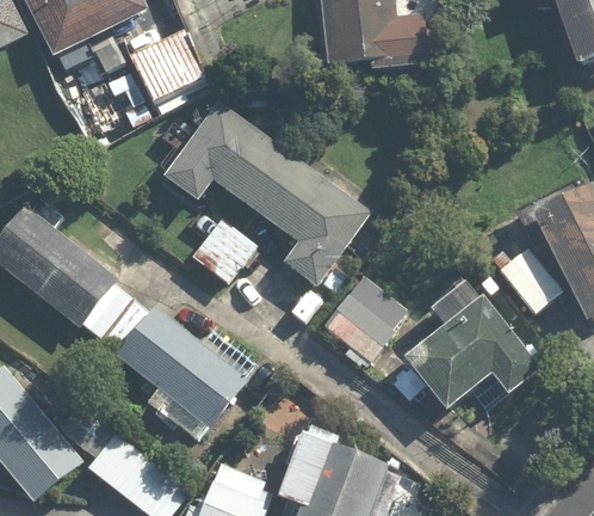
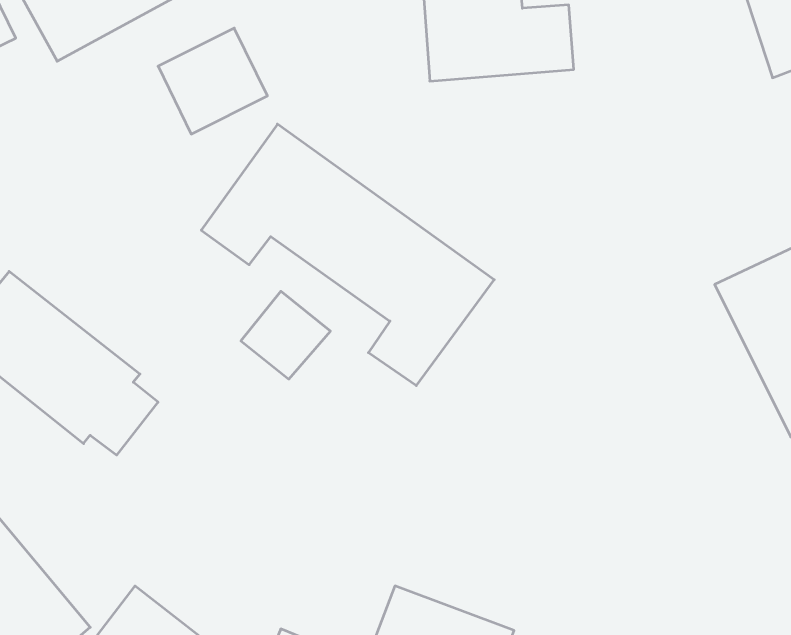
building: [68,36,153,133] -> none
building: [497,246,562,313] -> none
building: [318,275,397,364] -> none
building: [406,297,542,411] -> none
building: [101,299,248,438] -> none

